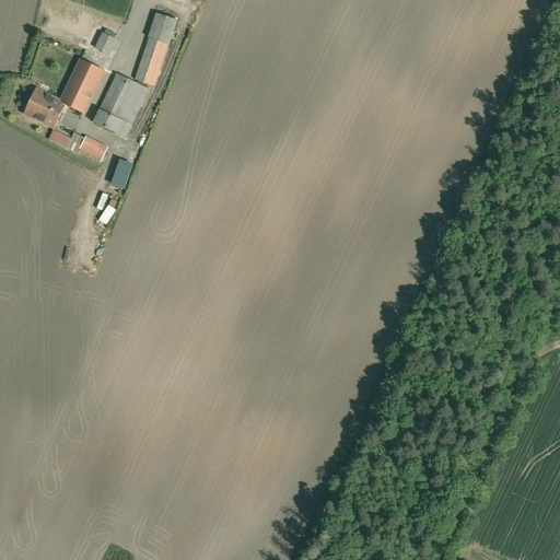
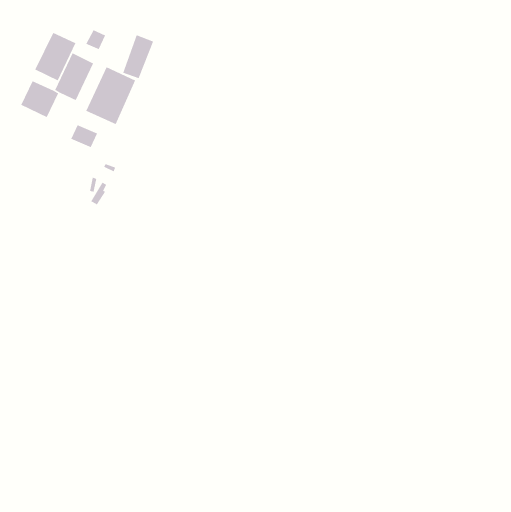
building: [145,12,177,45] -> none
building: none -> [34,32,77,82]

